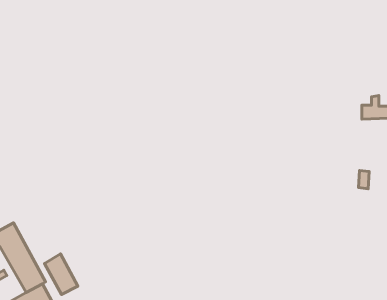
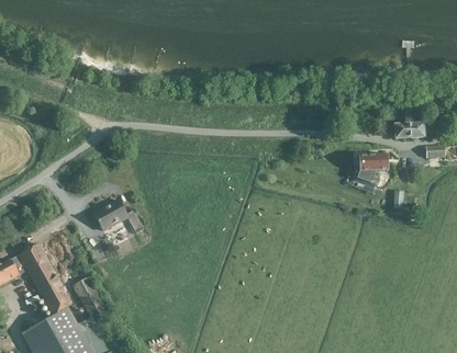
building: none -> [355,153,388,185]
building: none -> [91,200,142,234]

